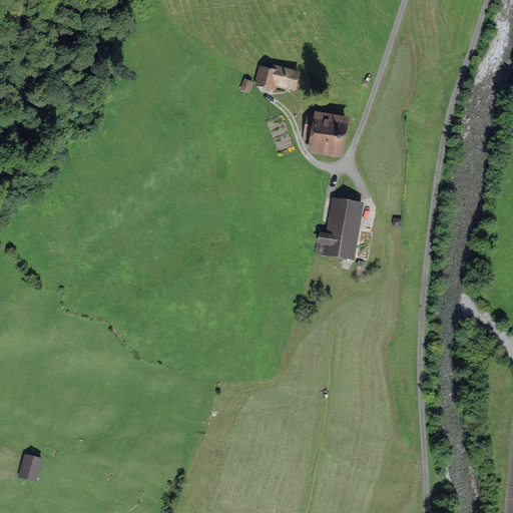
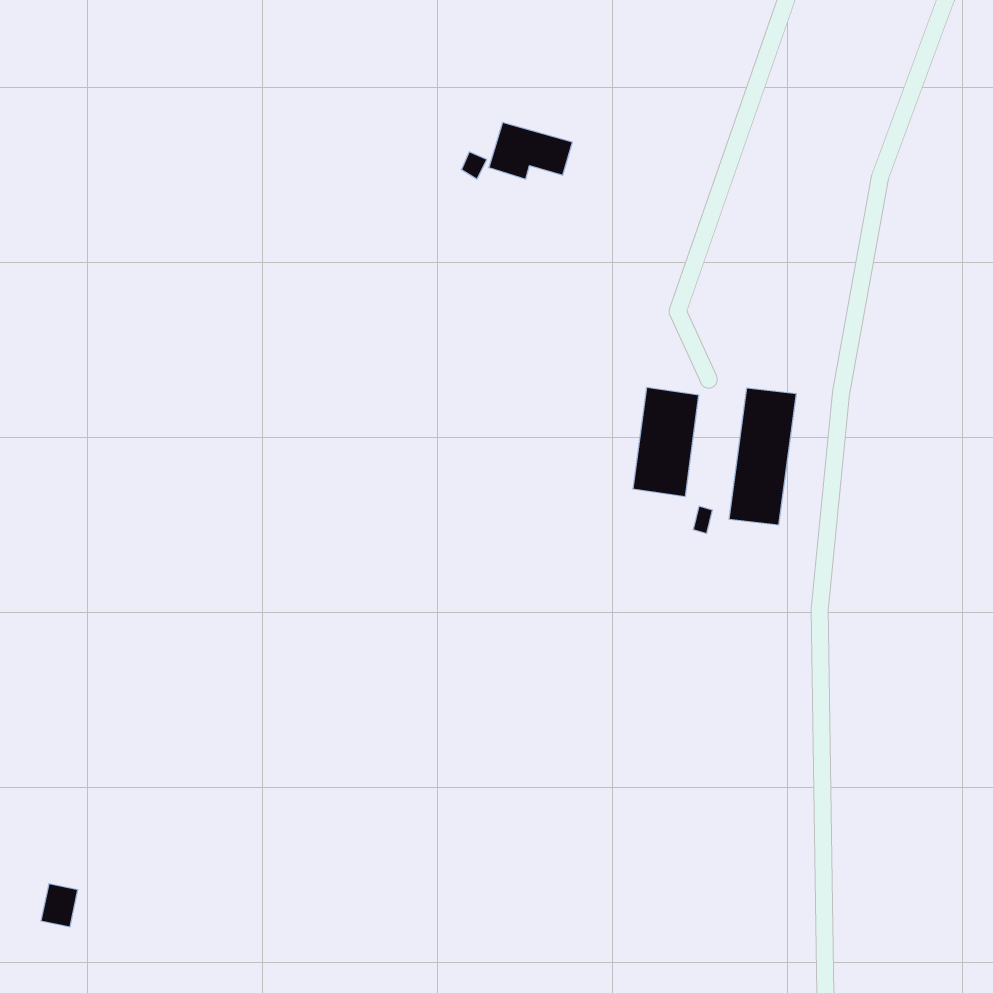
building: [312,116,348,147] -> none
building: none -> [729,388,796,525]

